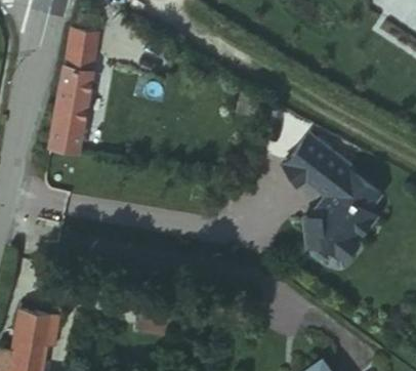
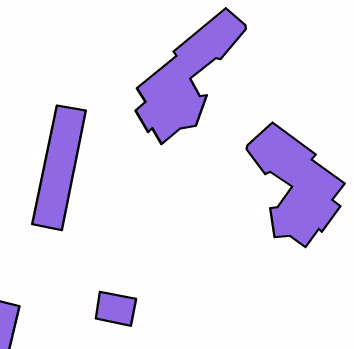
building: none -> [136,8,246,144]
building: [49,30,102,154] -> [32,105,86,230]

